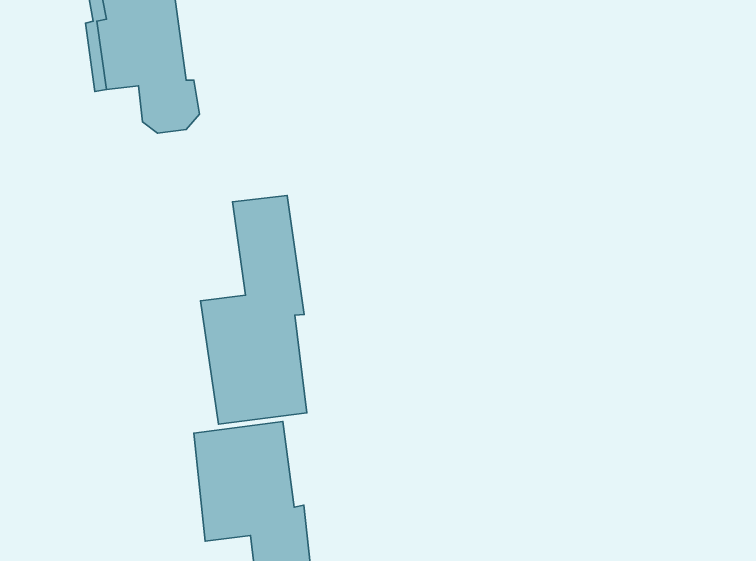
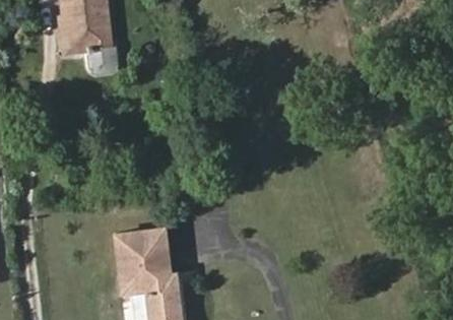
building: [200,196,307,424] -> none

